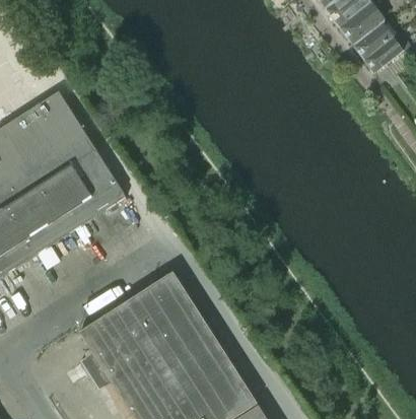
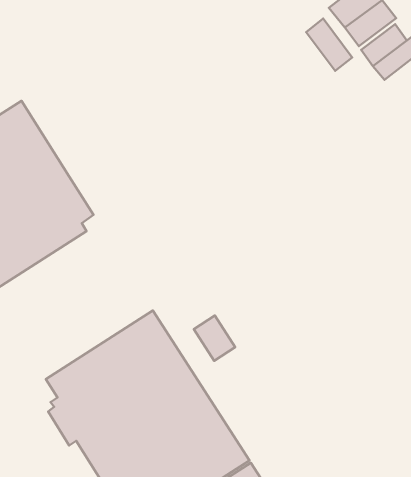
building: none -> [306,18,352,71]
building: none -> [194,315,235,361]

